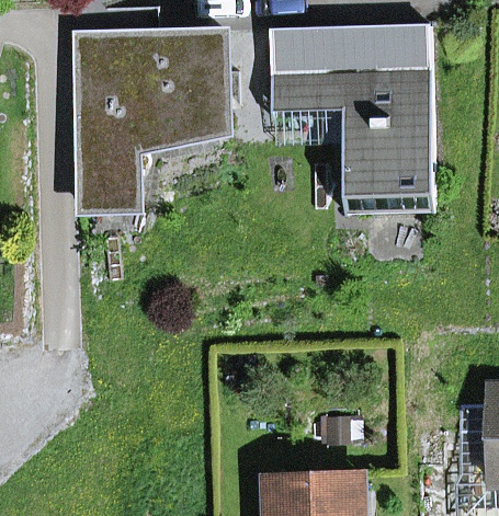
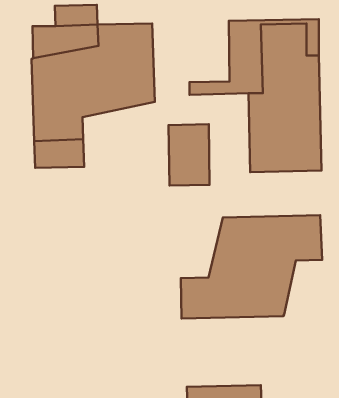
building: [270,27,320,103] -> [169,124,210,186]
building: none -> [181,215,322,318]

